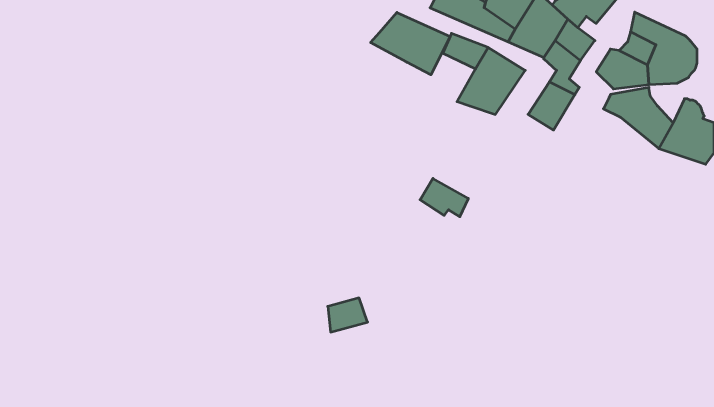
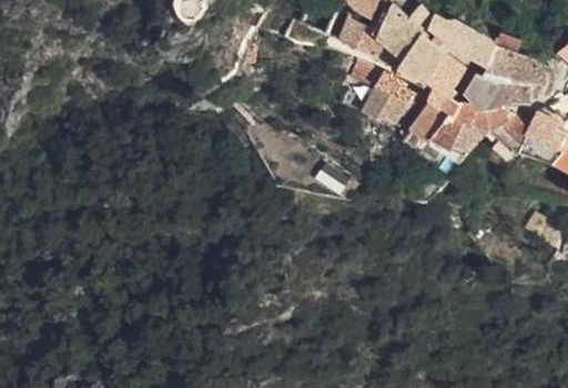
building: [371,12,450,75] -> none
building: none -> [435,103,487,146]

